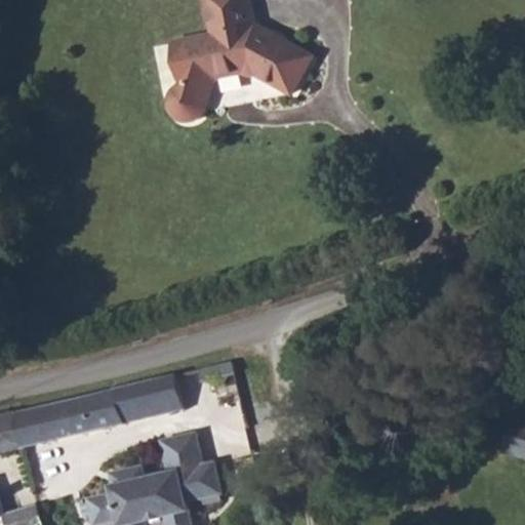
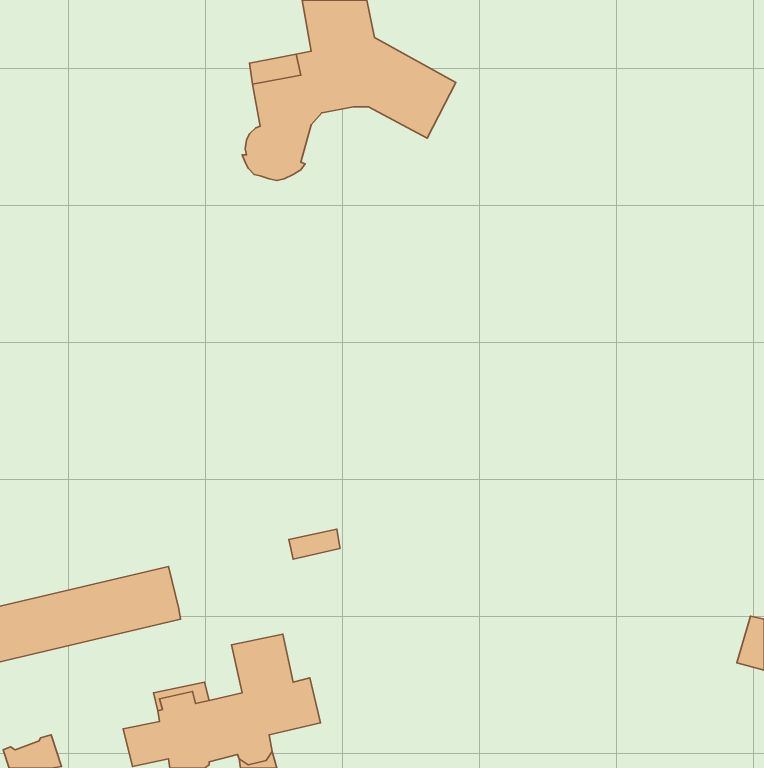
building: [115,373,181,415] -> none

